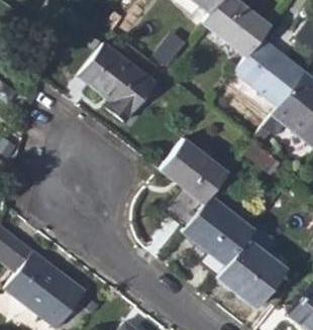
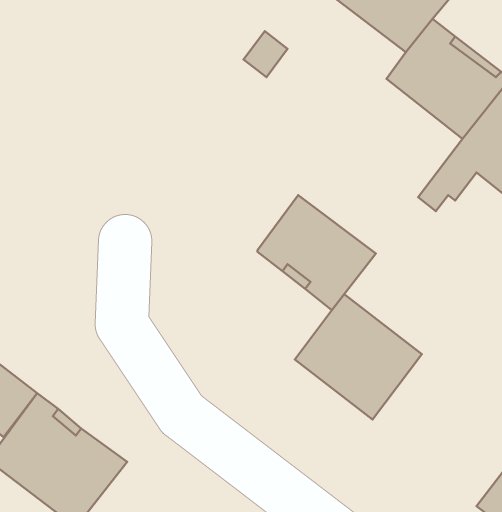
building: [78,42,155,122] -> none
building: [217,220,288,308] -> none

